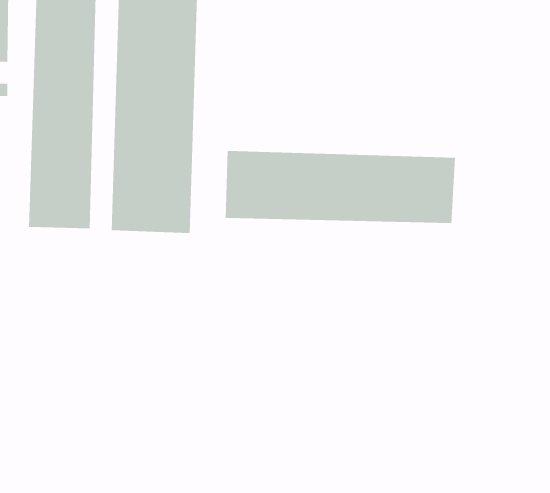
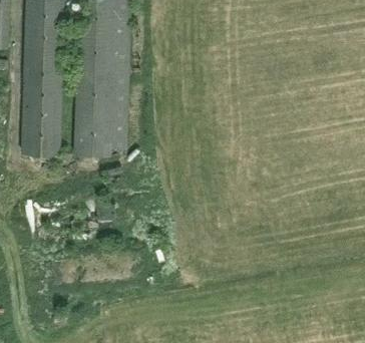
building: [225,150,456,224] -> none

